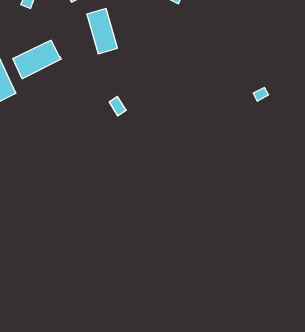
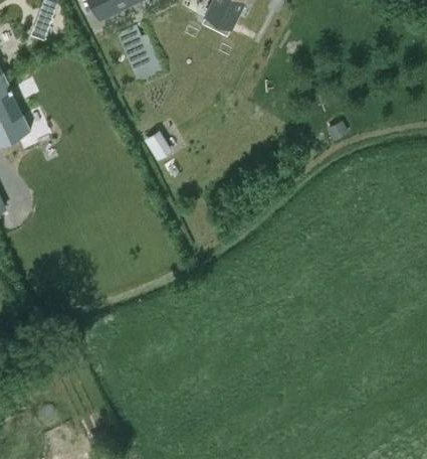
building: [13,40,61,79] -> none

